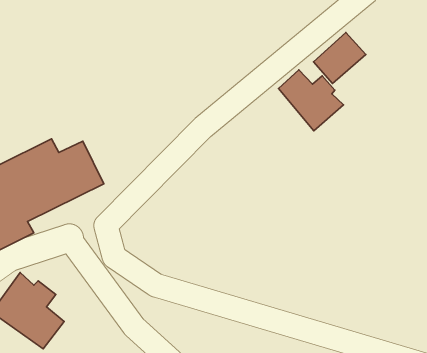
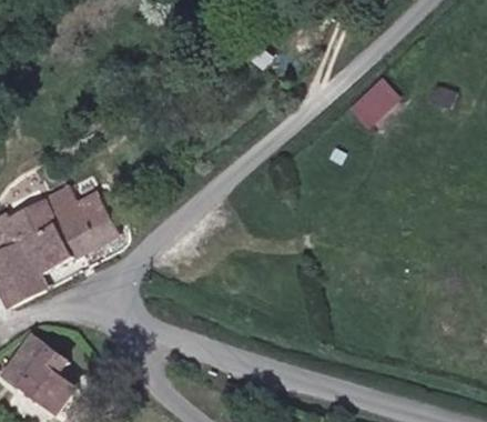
building: [278,70,344,131] -> none

